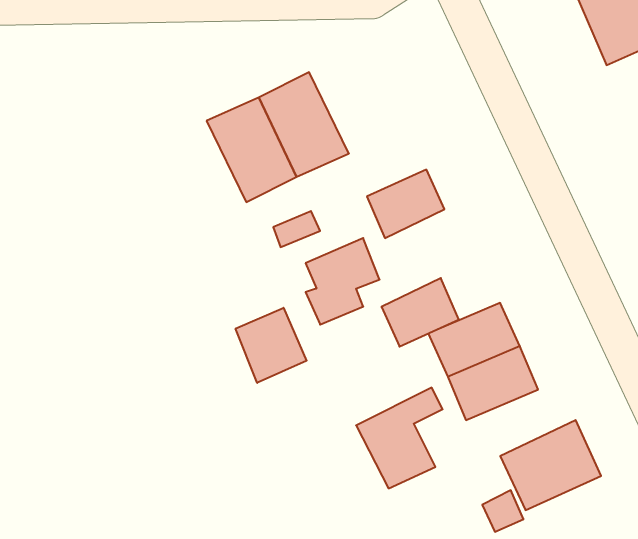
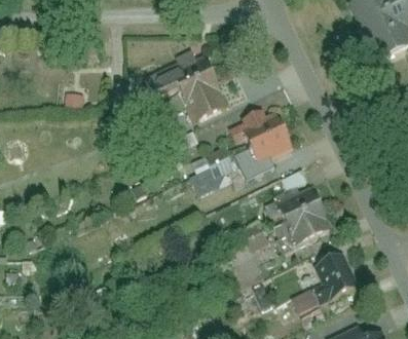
building: [381,278,459,347] -> [240,131,285,171]
building: [236,308,307,383] -> none

